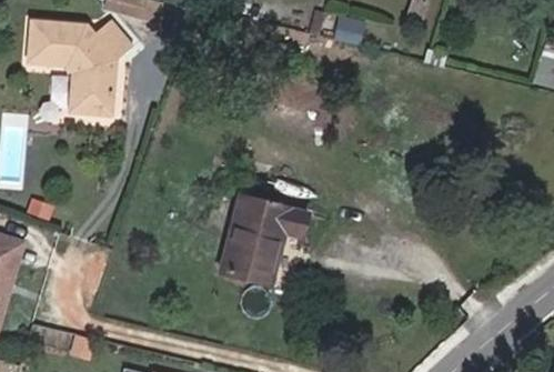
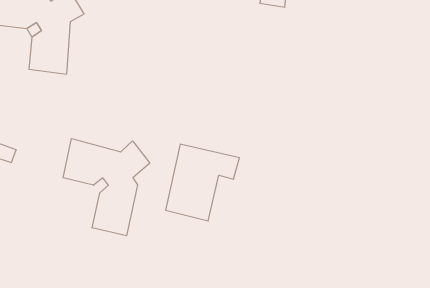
building: none -> [63,139,150,236]

